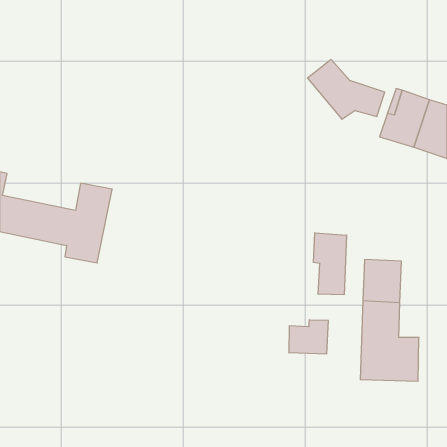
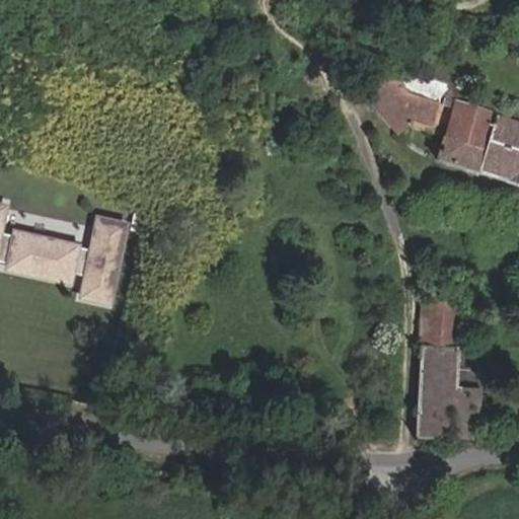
building: [313,233,347,295] -> none
building: [289,320,328,354] -> none

